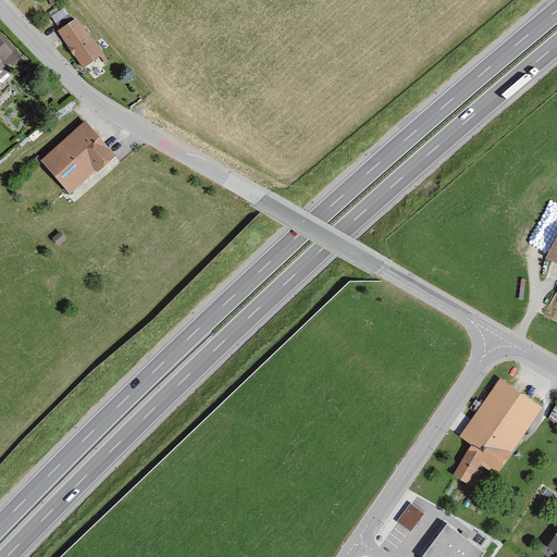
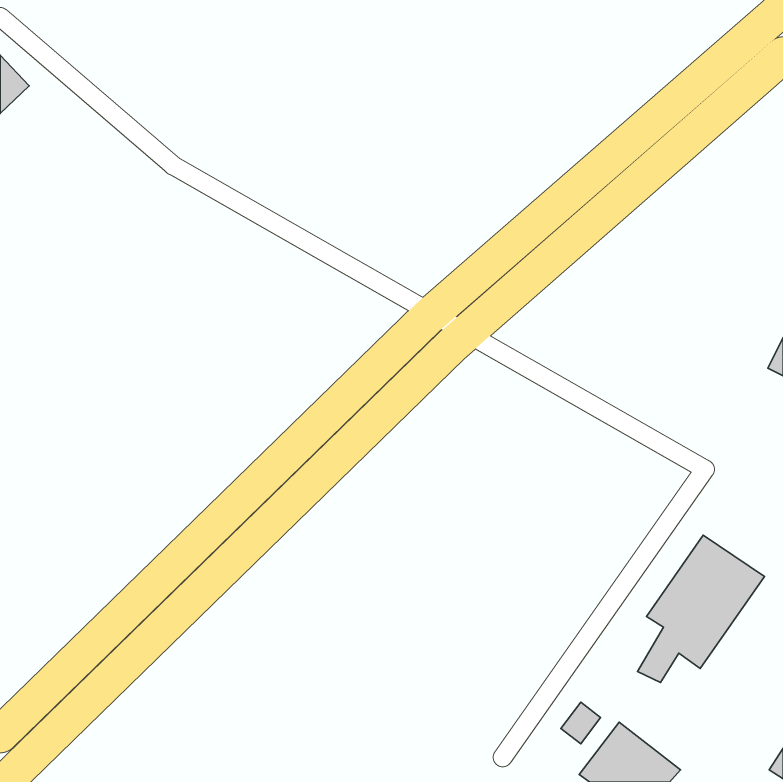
building: [58,21,103,70] -> none
building: [40,123,114,195] -> none

